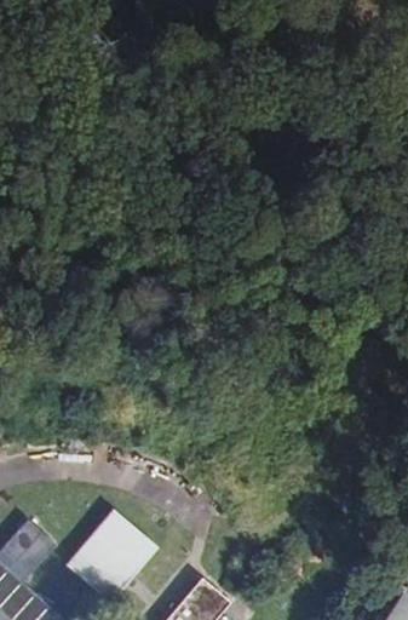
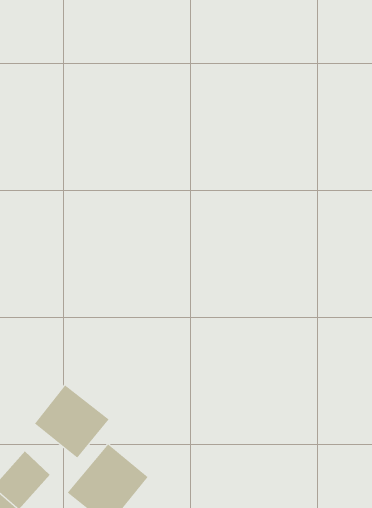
building: none -> [34,384,109,459]

